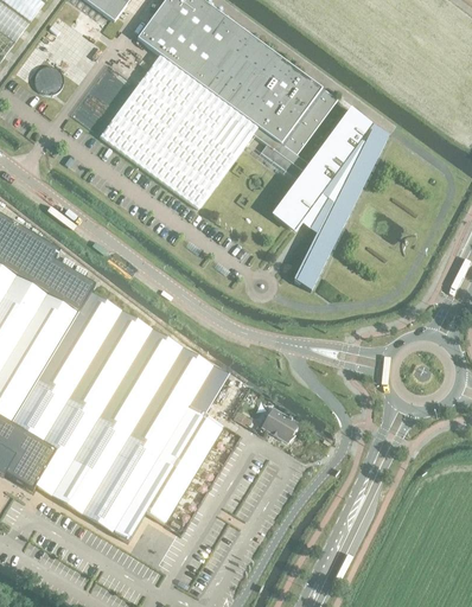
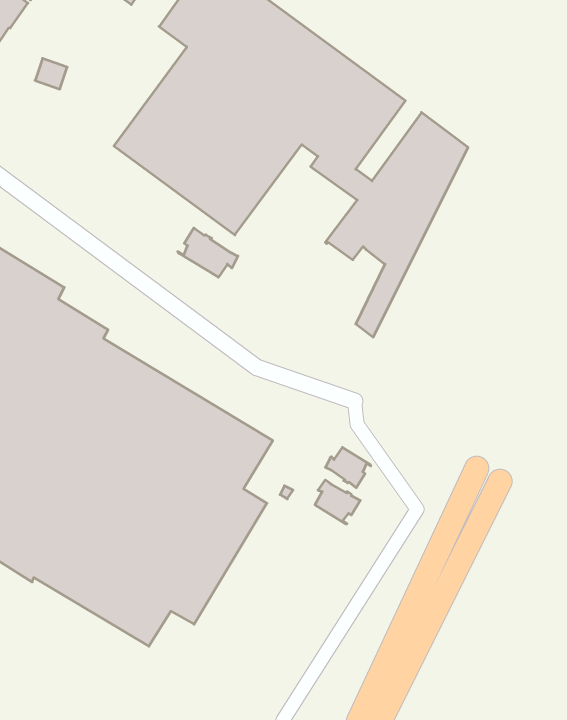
building: none -> [178,228,238,277]
building: none -> [325,447,371,488]

